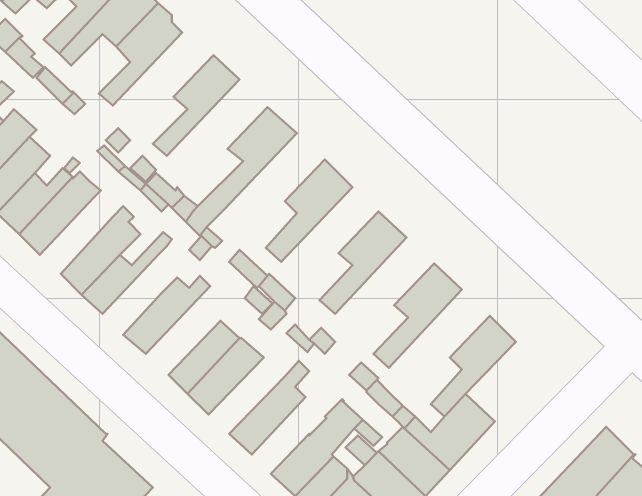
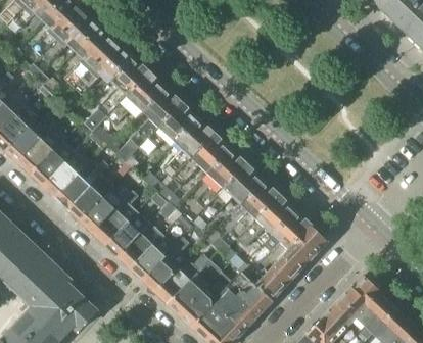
building: none -> [73,43,132,94]
building: none -> [104,70,163,125]
building: none -> [138,102,197,155]
building: none -> [172,134,229,186]
building: none -> [30,140,73,185]
building: none -> [203,163,262,216]
building: none -> [66,173,113,220]
building: none -> [92,191,137,244]
building: none -> [235,194,294,248]
building: none -> [280,225,327,272]
building: none -> [129,234,174,279]
building: none -> [154,253,207,302]

